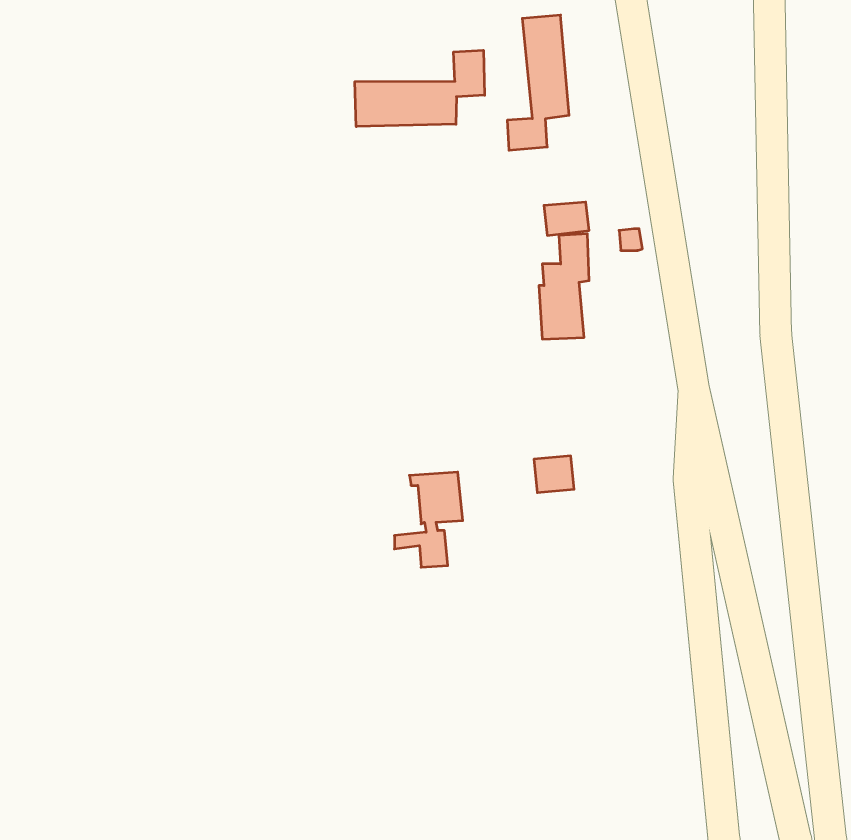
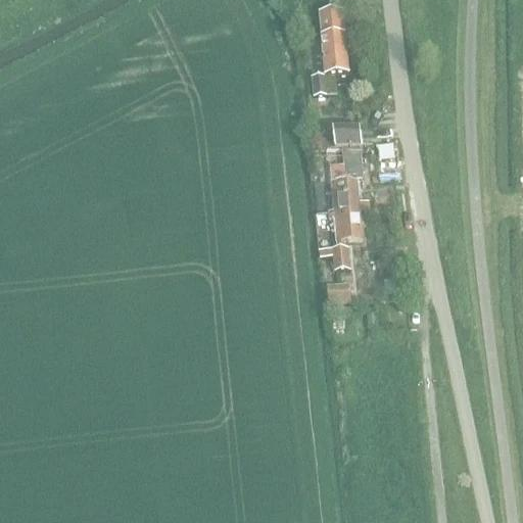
building: [355,50,485,127] -> none
building: [394,472,463,567] -> [319,207,361,266]

